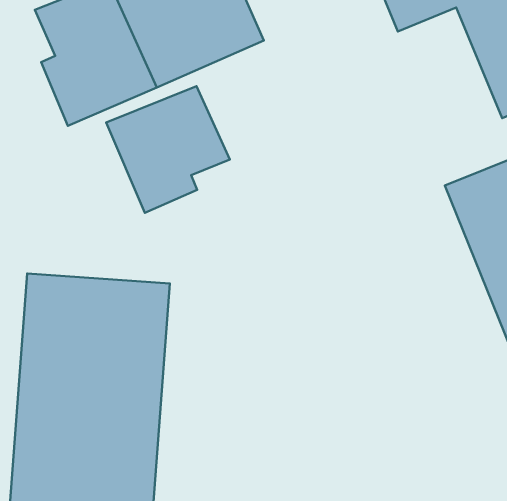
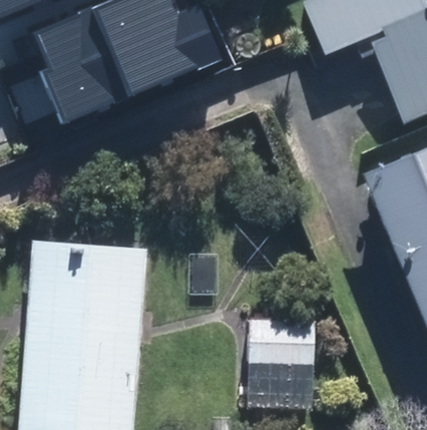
building: [106,86,230,213] -> none
building: none -> [249,321,313,409]

